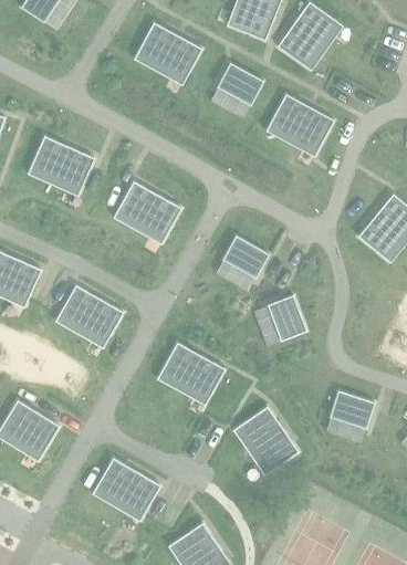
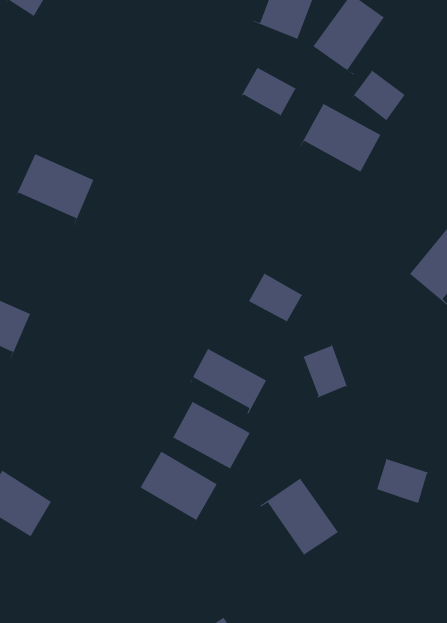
building: [133,23,201,87] -> none
building: none -> [352,70,406,122]
building: [113,182,181,245] -> none
building: [54,286,123,349] -> none
building: none -> [189,348,267,415]
building: [92,459,160,523] -> [136,451,218,528]

